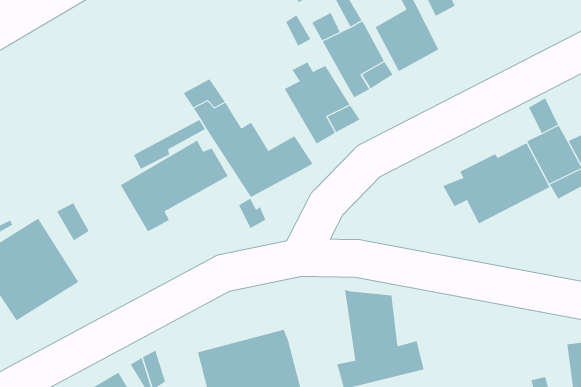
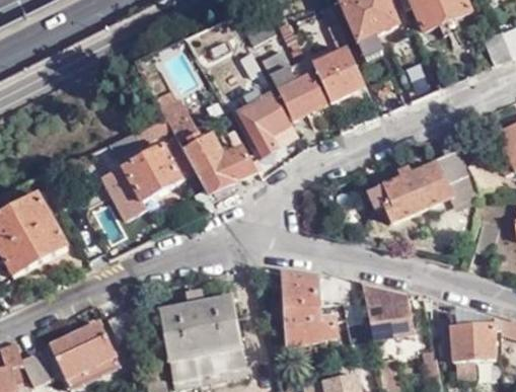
building: none -> [361,285,413,342]

